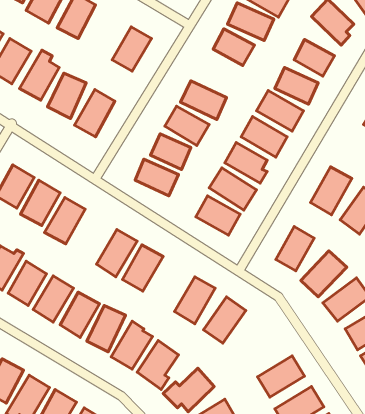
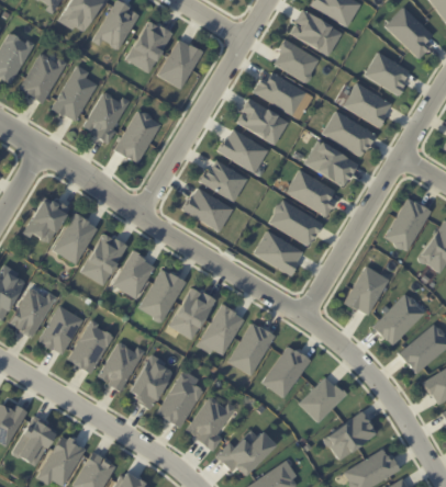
building: none -> [125,20,172,73]
building: none -> [253,71,306,115]
building: none -> [114,252,155,298]
building: none -> [197,305,245,355]
building: none -> [299,376,345,423]

